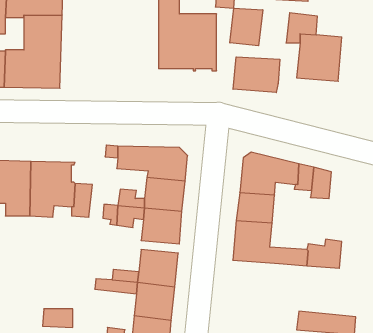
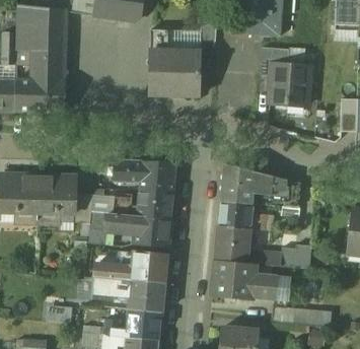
building: [230,8,263,46] -> none
building: [233,57,280,93] -> none
building: none -> [211,262,276,299]

